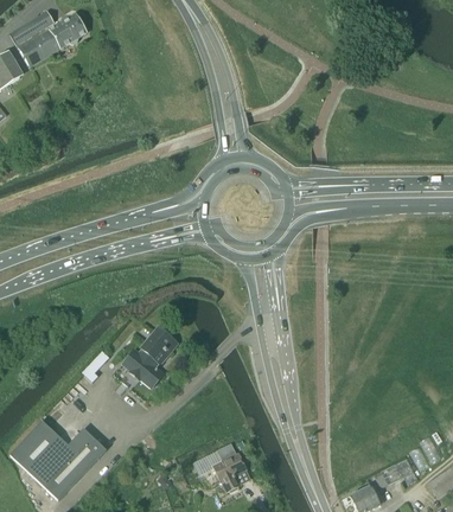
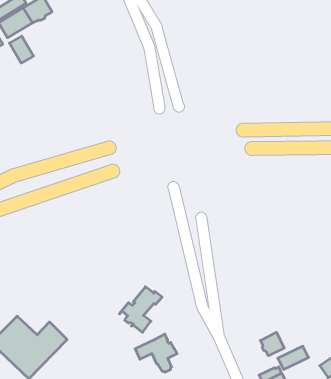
building: none -> [9,36,34,63]
building: [123,329,178,388] -> [119,287,162,332]
building: none -> [260,332,284,356]

